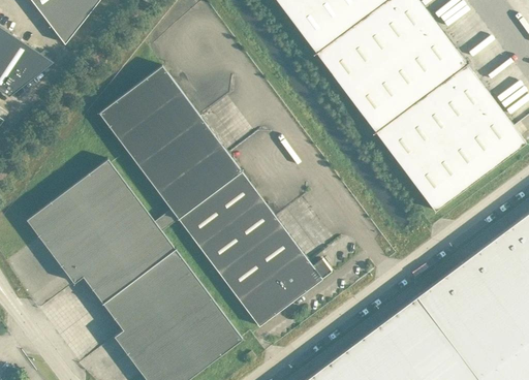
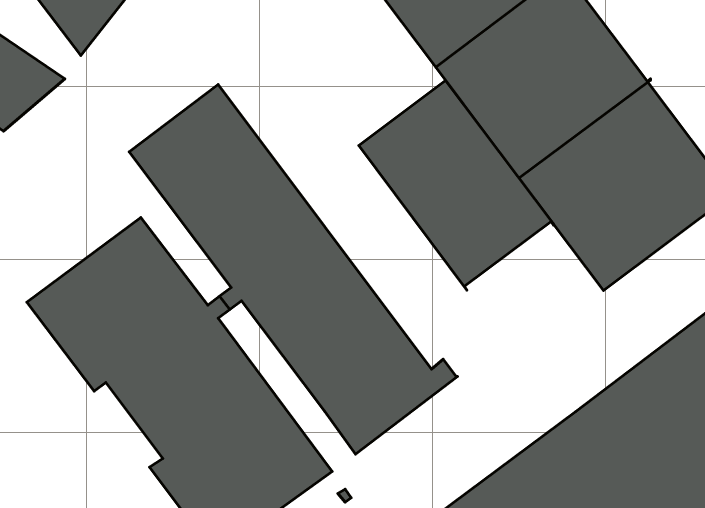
building: none -> [359,81,554,290]

